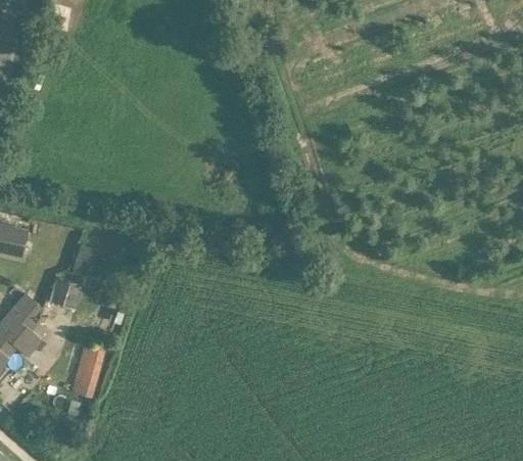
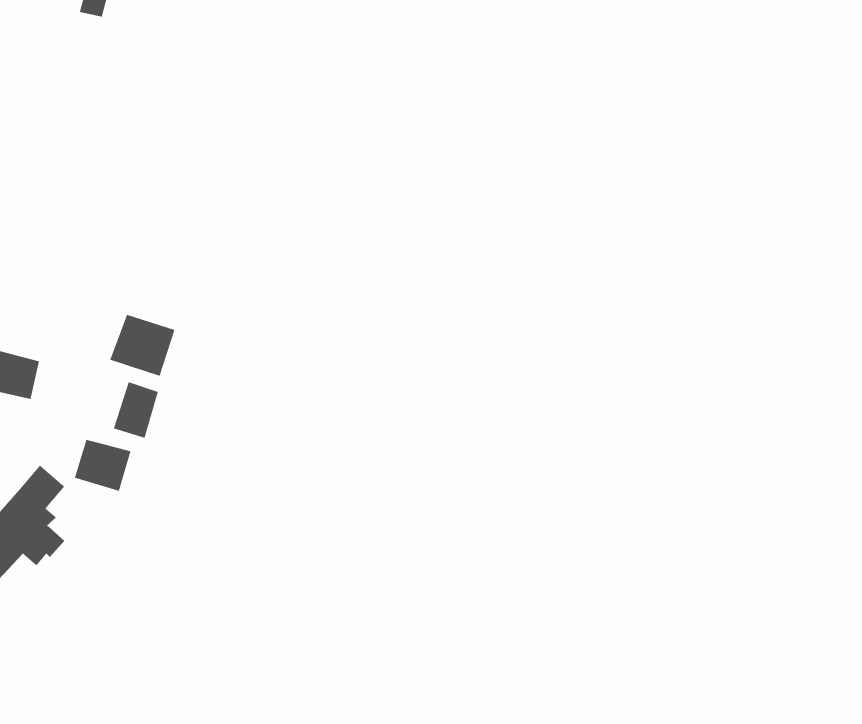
building: none -> [109,314,176,377]
building: [70,345,104,399] -> none

